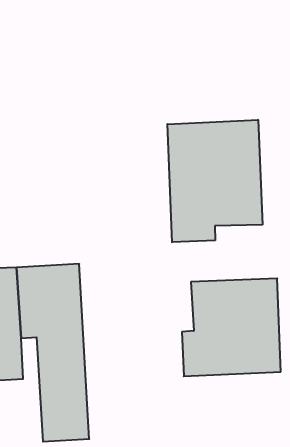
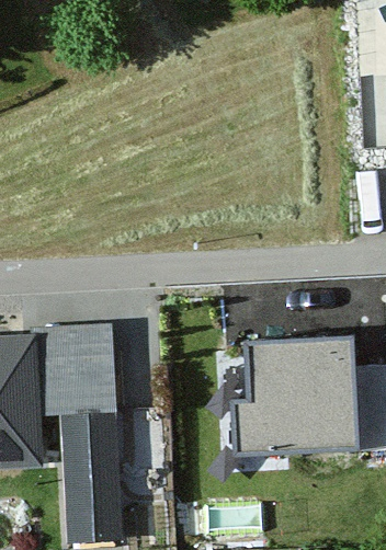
building: [167,120,262,242] -> none

